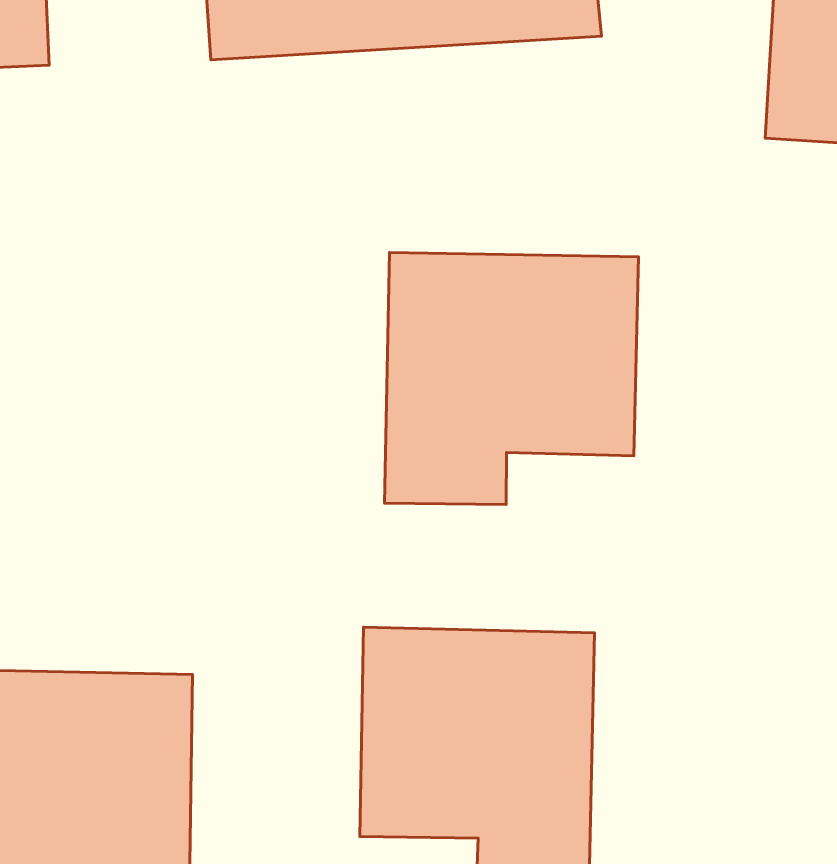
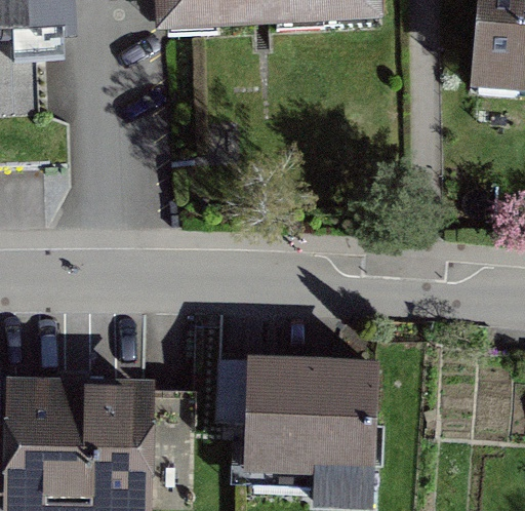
building: [384,252,639,504] -> none

